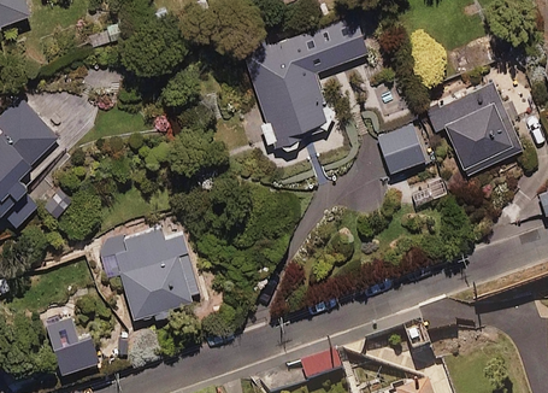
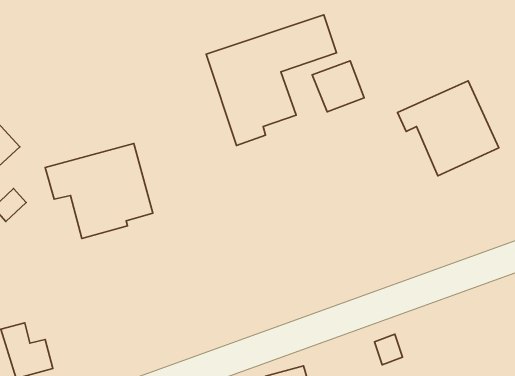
building: [376,123,425,171] -> [312,61,364,112]
building: [96,224,199,315] -> [45,143,153,238]

